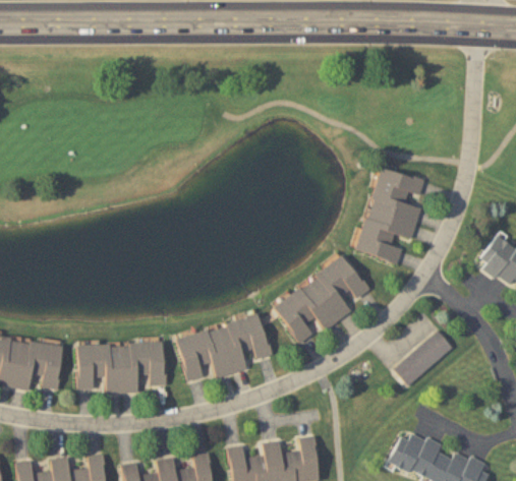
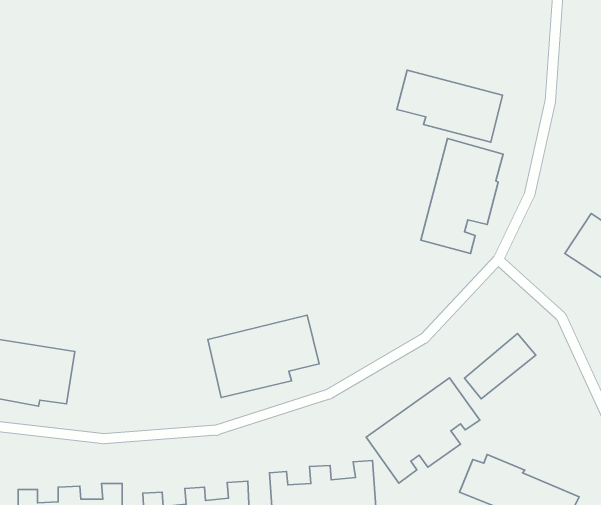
building: none -> [397,70,502,142]
building: [273,255,368,344] -> [366,378,480,483]
building: [77,342,166,395] -> none

